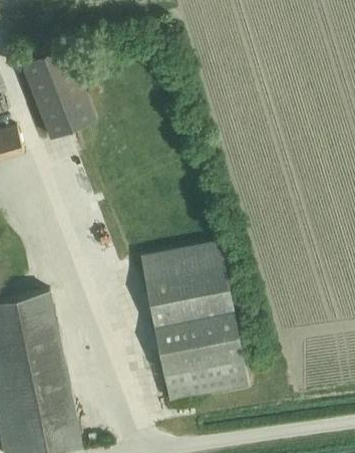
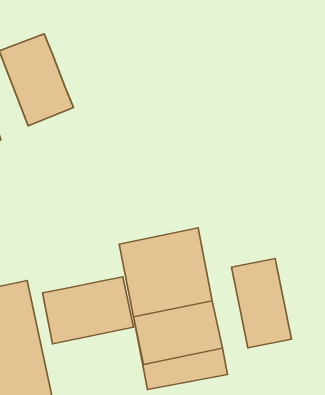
building: none -> [231,258,292,348]
building: none -> [42,277,134,344]

